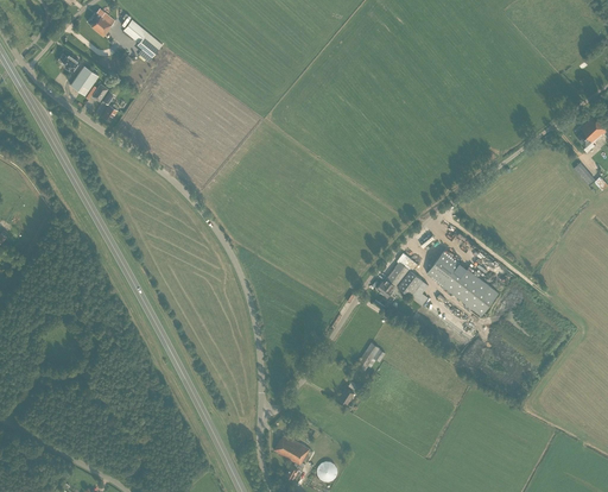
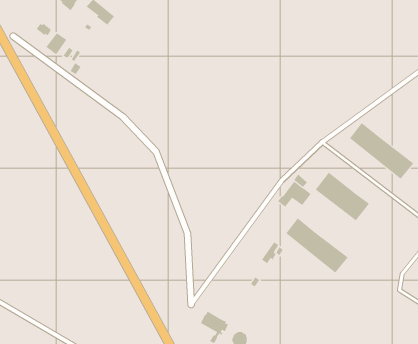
building: none -> [349,122,414,179]
building: none -> [285,218,348,273]

